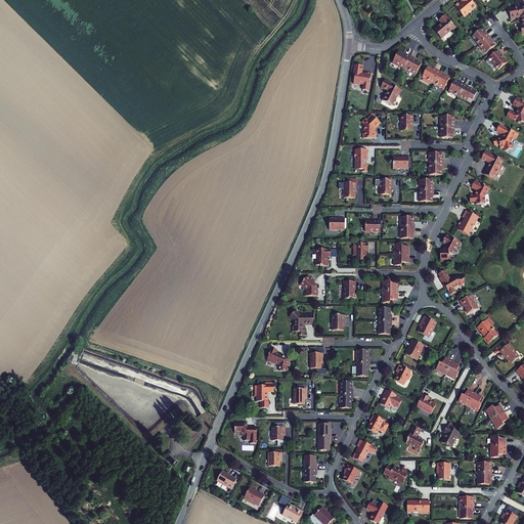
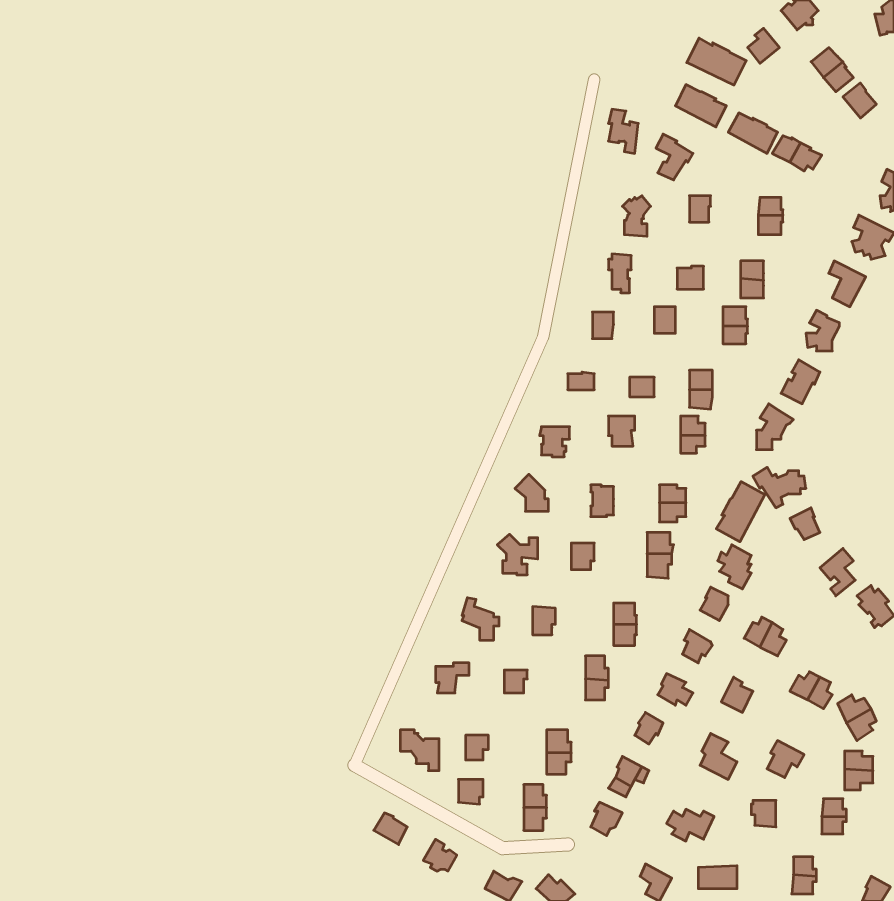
building: none -> [687,38,746,85]
building: none -> [716,482,765,542]

